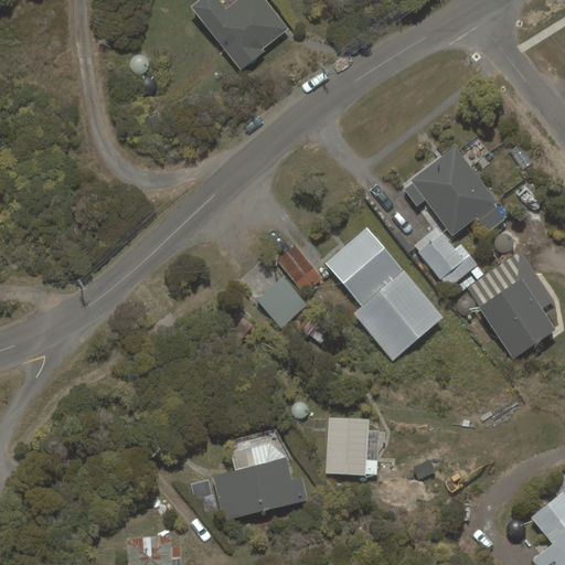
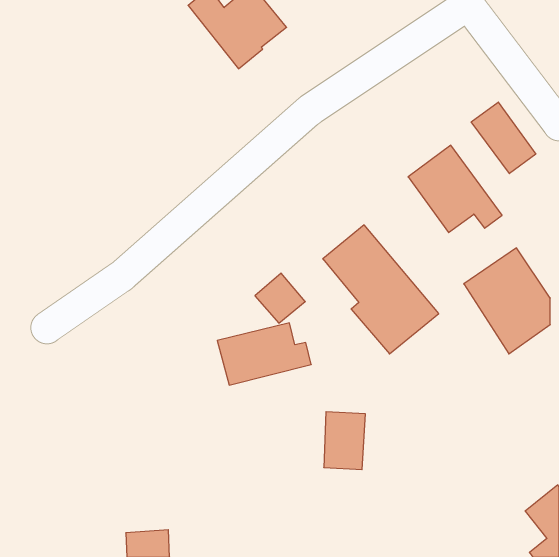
building: none -> [471,102,536,174]
building: [417,231,477,287] -> none
building: [276,244,322,292] -> none
building: [213,457,308,520] -> [217,323,311,385]

